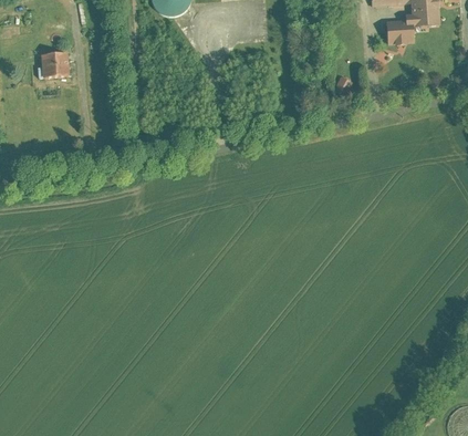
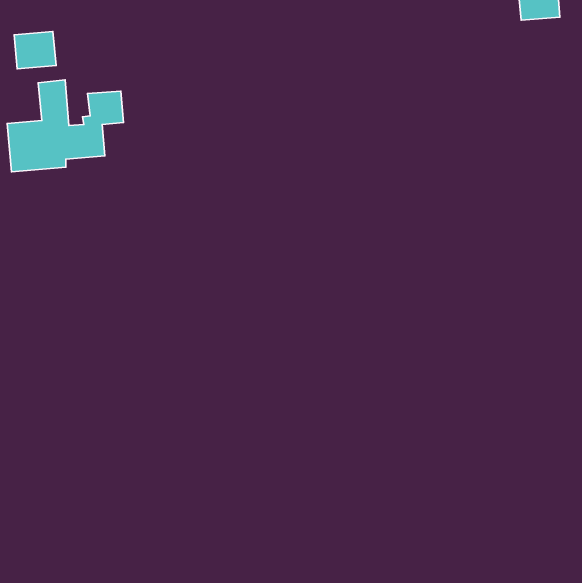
building: none -> [7,80,123,172]

